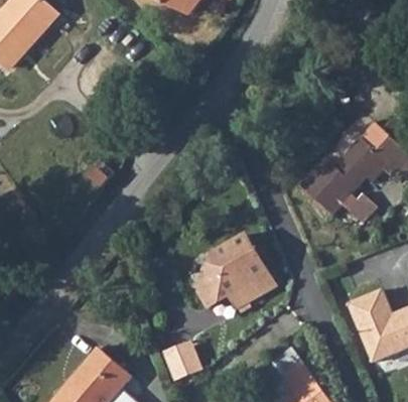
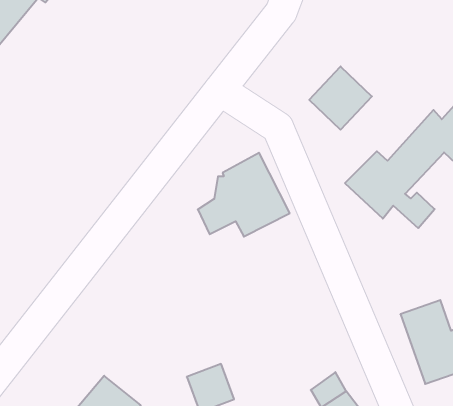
building: none -> [309,66,372,130]
building: [196,234,275,305] -> [198,153,290,237]

